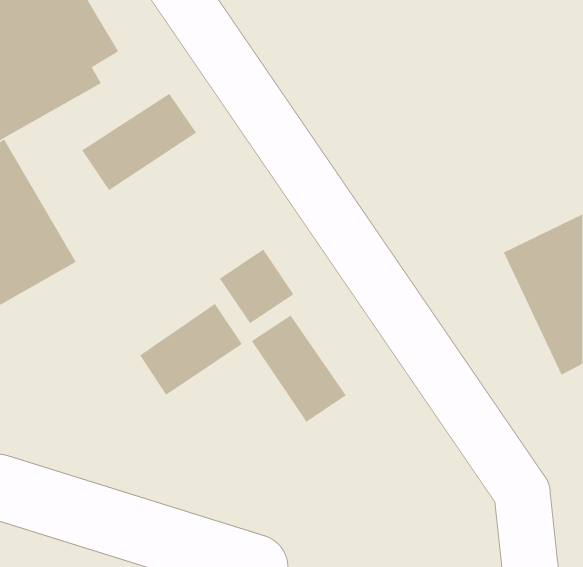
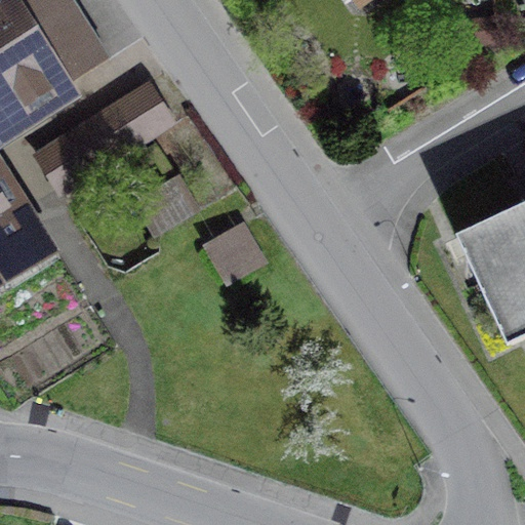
building: [139,303,243,396] -> none
building: [251,314,347,423] -> none

